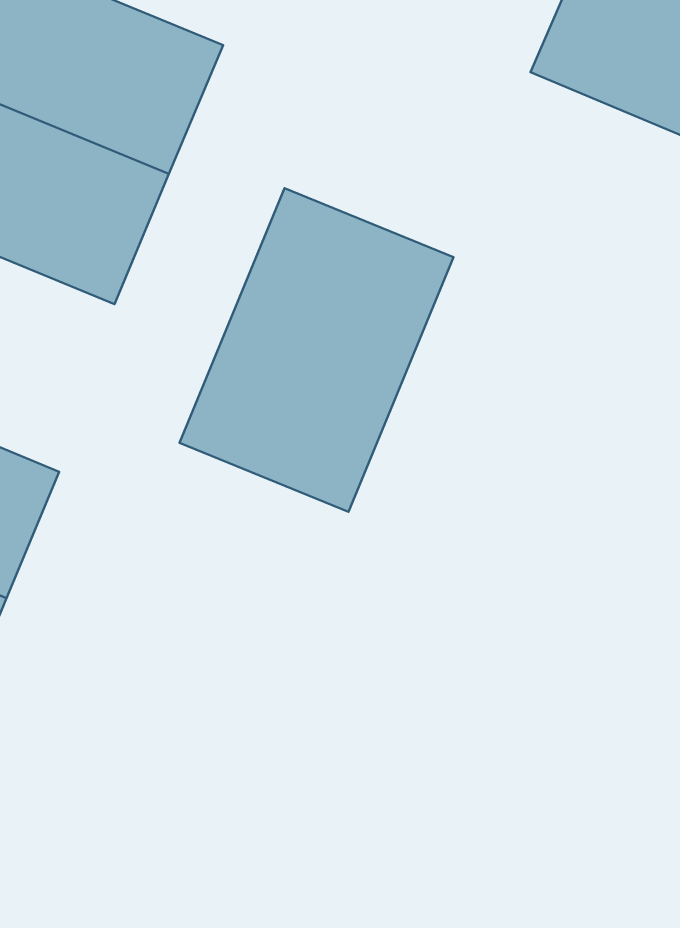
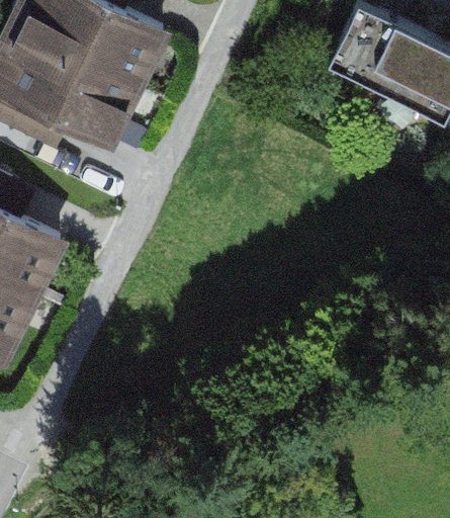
building: [180,188,454,512] -> none

